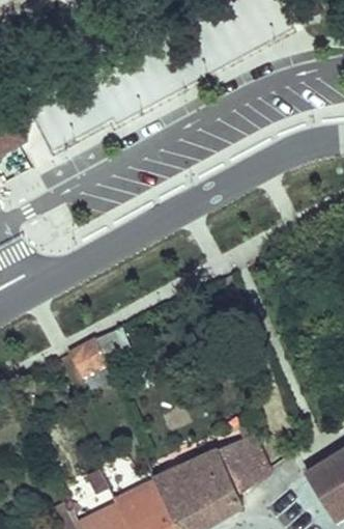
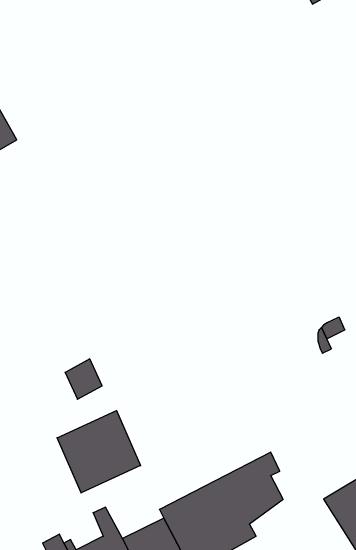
building: none -> [57,411,141,493]

